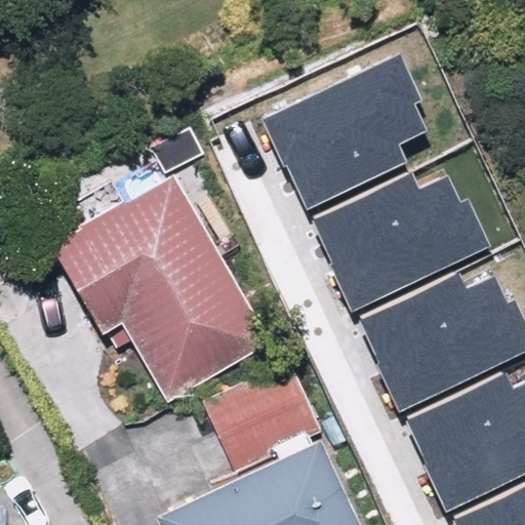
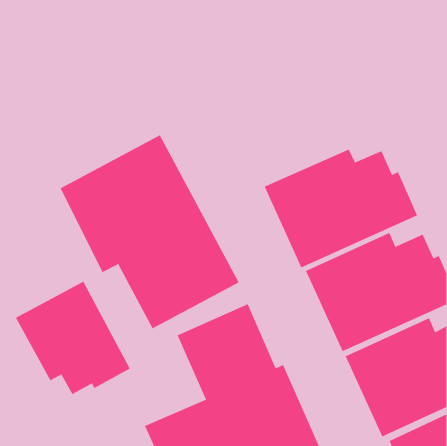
building: [258,62,422,218] -> none
building: none -> [15,281,131,395]

